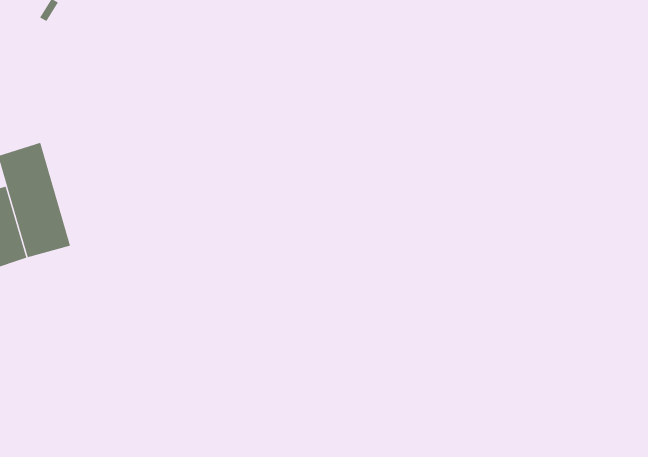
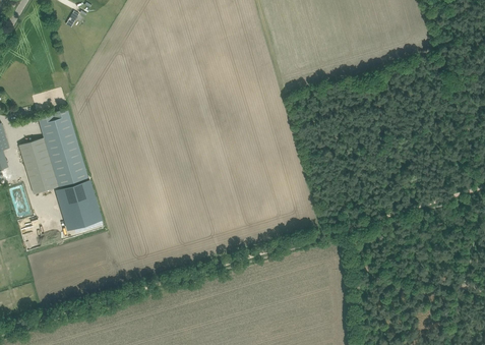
building: none -> [61,180,101,232]

